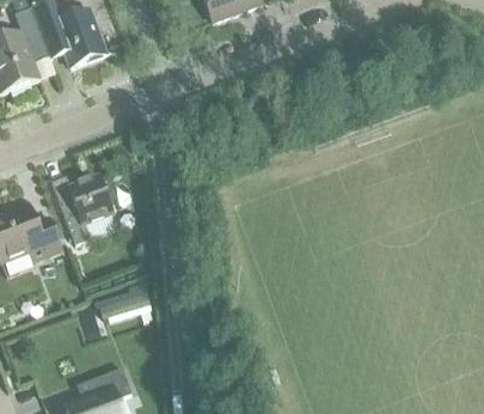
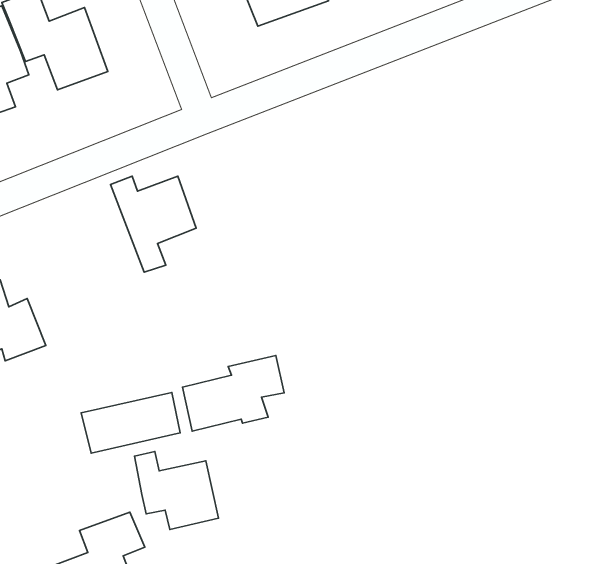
building: [51,176,112,244] -> [110,176,196,272]
building: none -> [182,355,284,431]
building: none -> [135,451,219,529]

